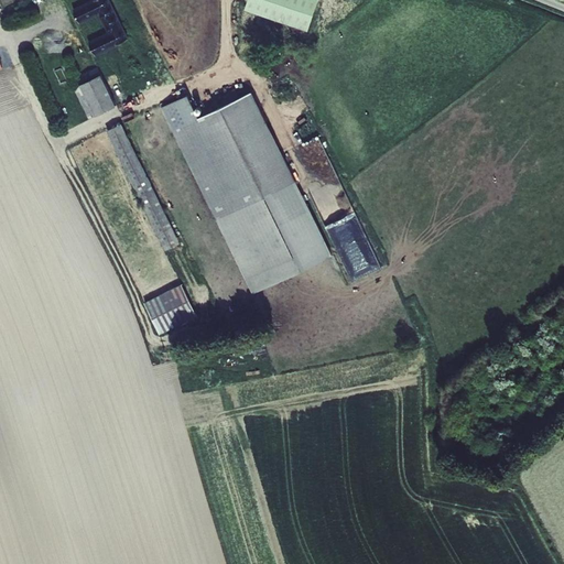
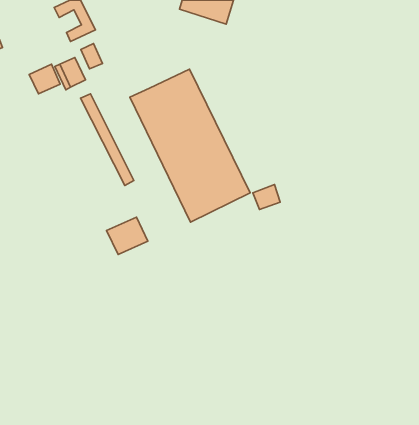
building: none -> [81,44,103,69]
building: none -> [29,64,60,94]
building: [162,95,198,129] -> none

